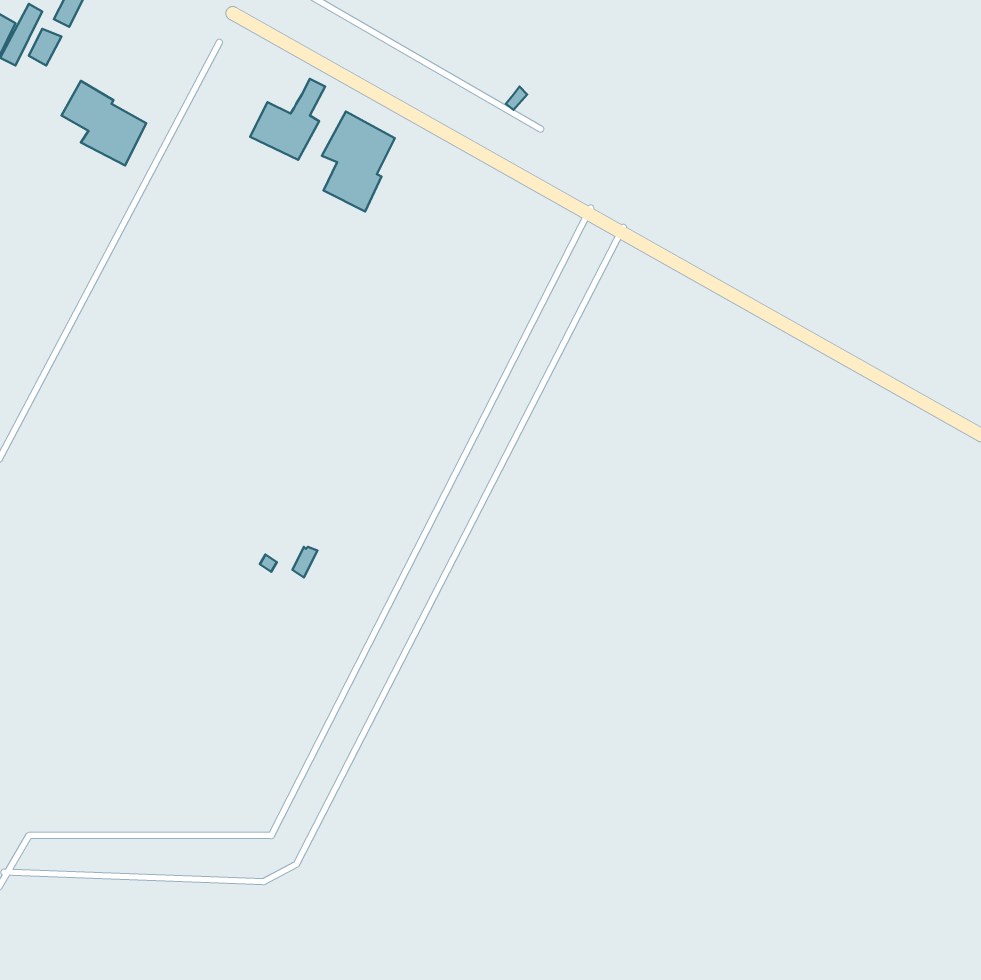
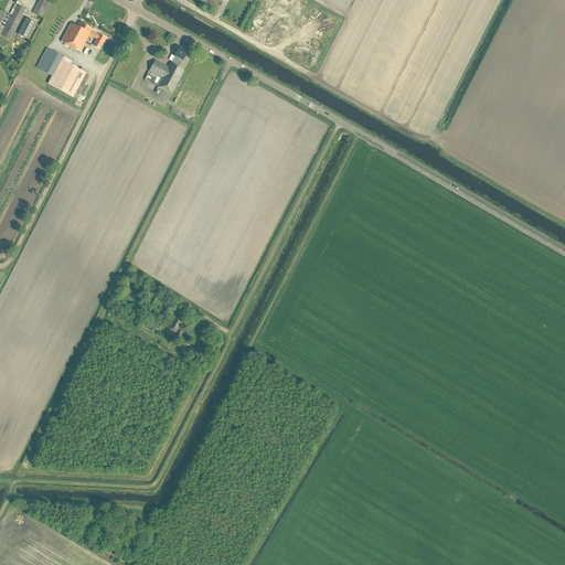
building: none -> [60,21,105,51]
building: [322,111,395,211] -> none

